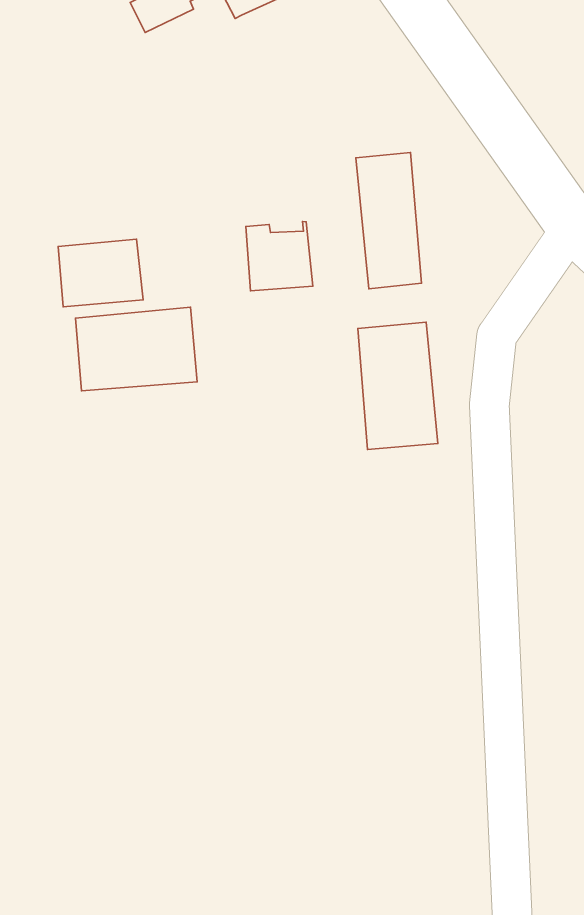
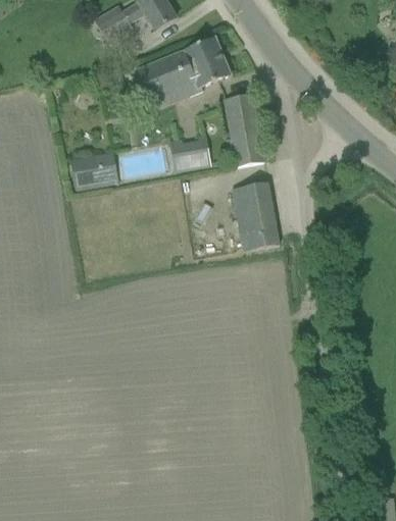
building: none -> [137,36,231,100]
building: [75,307,197,391] -> none

